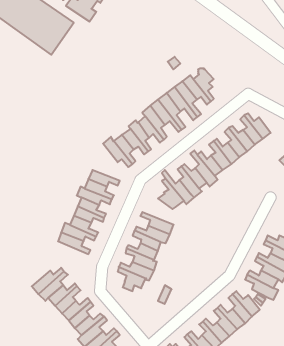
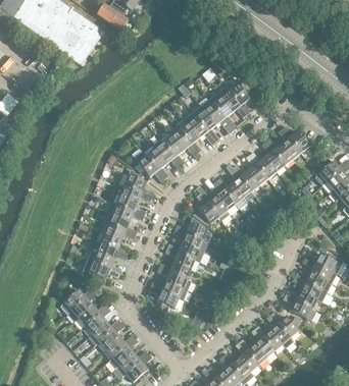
building: none -> [119,170,154,197]
building: none -> [176,217,212,242]
building: none -> [81,260,119,280]

